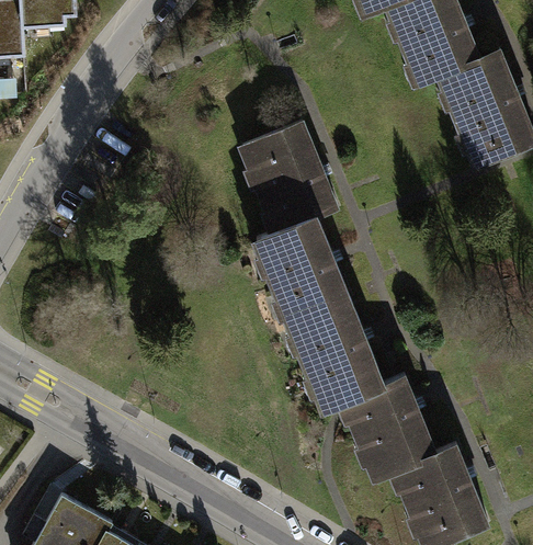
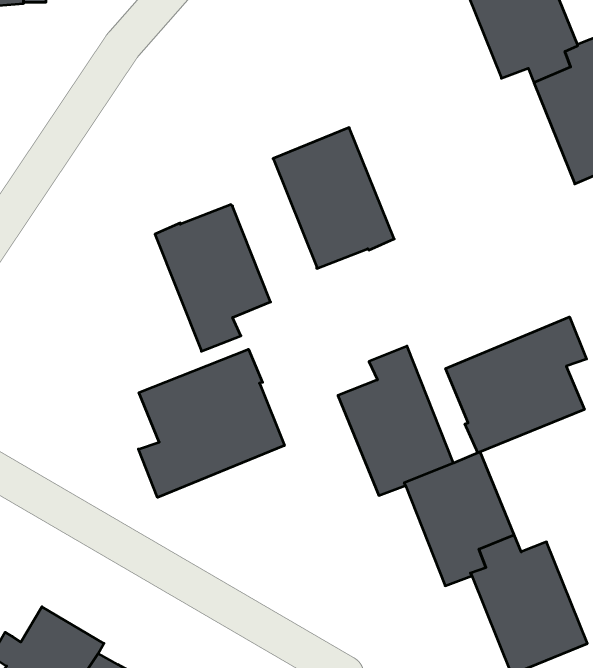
building: [254,215,344,329] -> [155,205,271,351]
building: none -> [446,317,587,453]
building: none -> [138,349,284,497]

